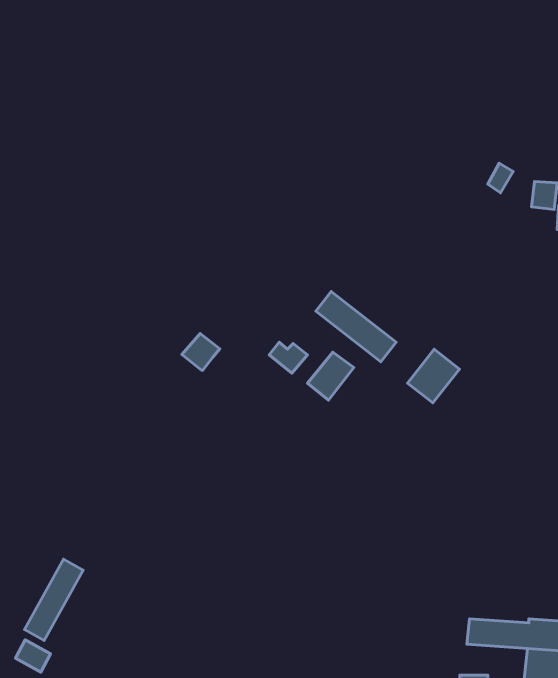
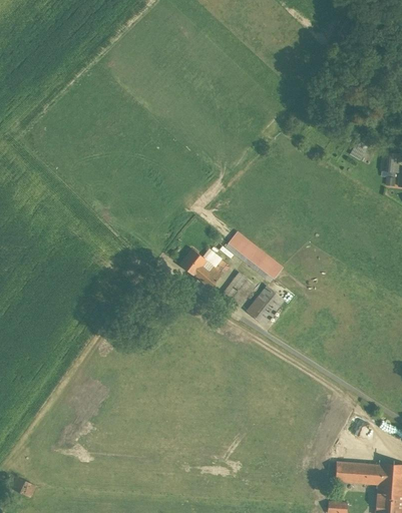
building: [182,333,220,370] -> [178,249,206,276]
building: [407,349,460,403] -> [247,287,284,325]
building: [24,559,83,640] -> none

